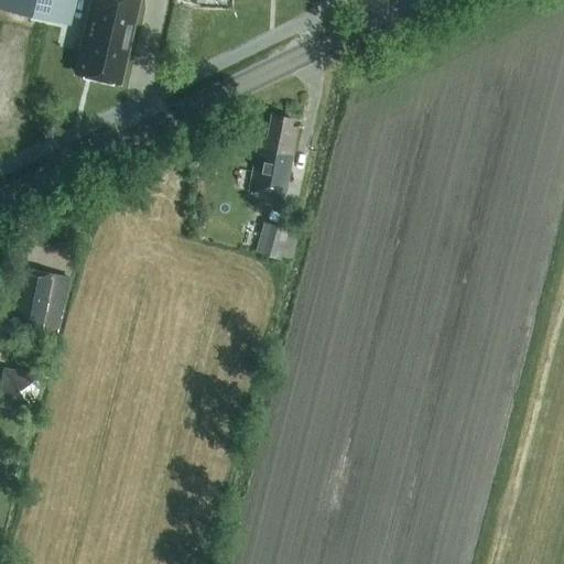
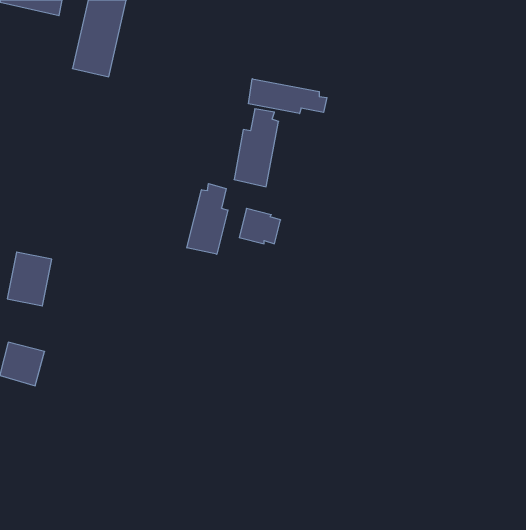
building: none -> [249,79,327,114]
building: none -> [187,184,228,254]

